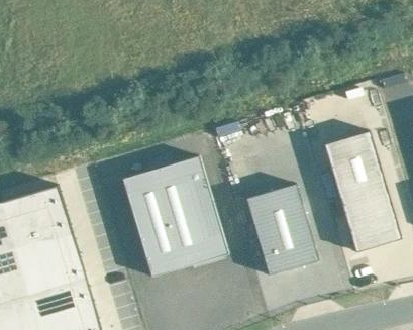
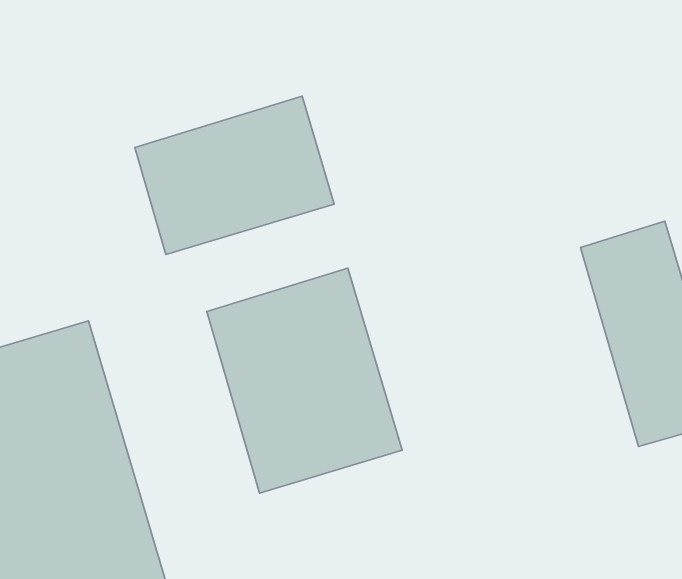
building: none -> [135,96,334,255]
building: [246,185,319,276] -> none

